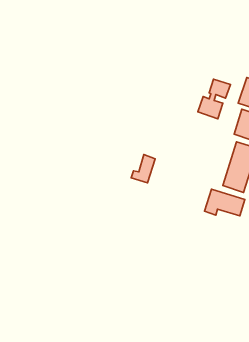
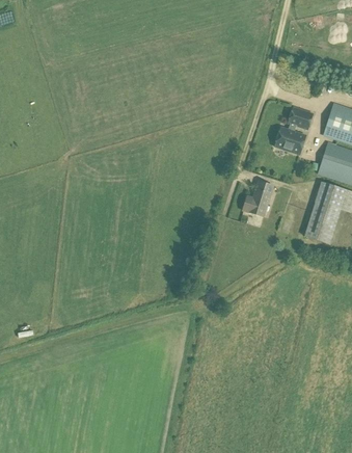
building: [131,155,155,183] -> [243,181,272,215]
building: [204,189,245,216] -> none

